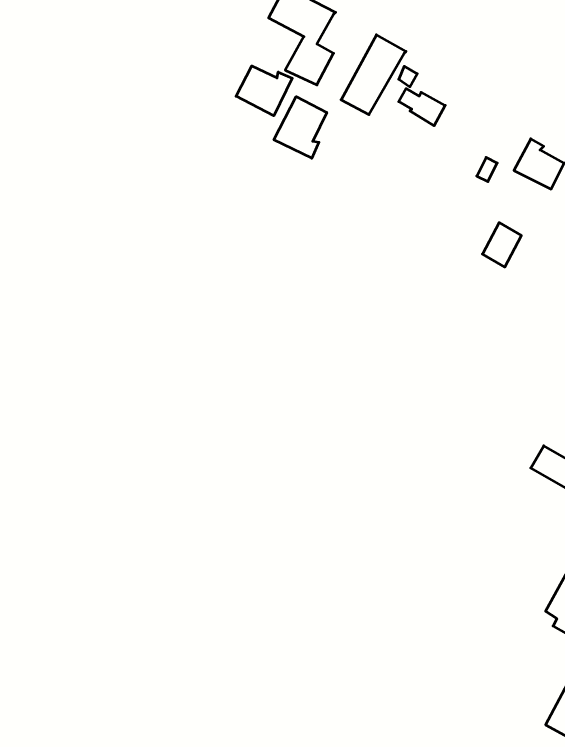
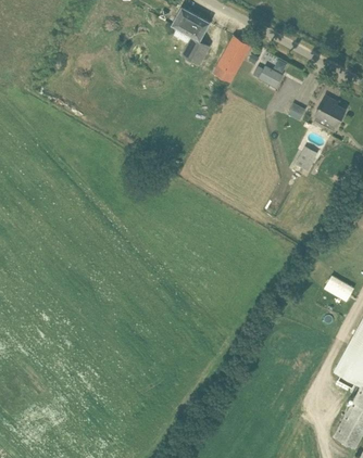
building: [236,66,292,116] -> none
building: [274,97,327,158] -> none

